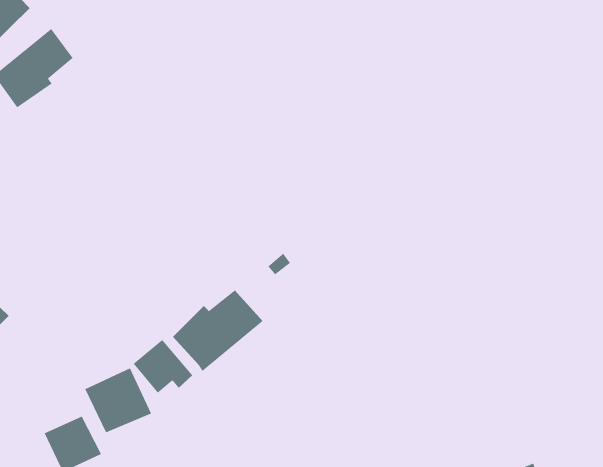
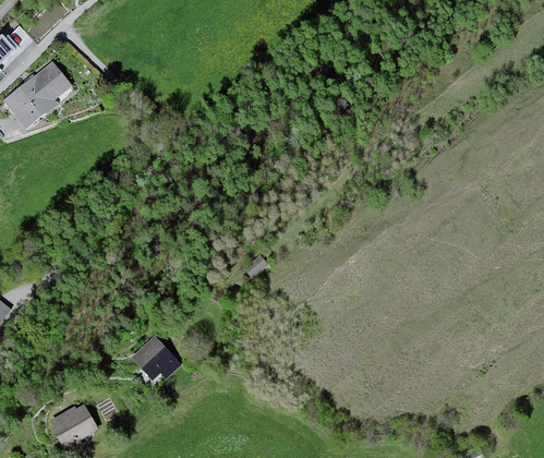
building: [172,289,263,372] -> none
building: [84,368,152,433] -> none

